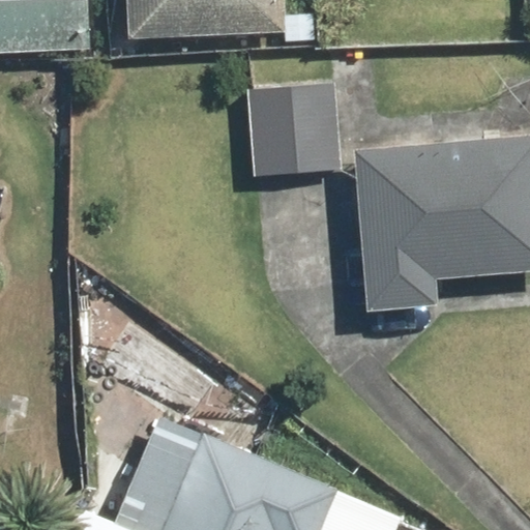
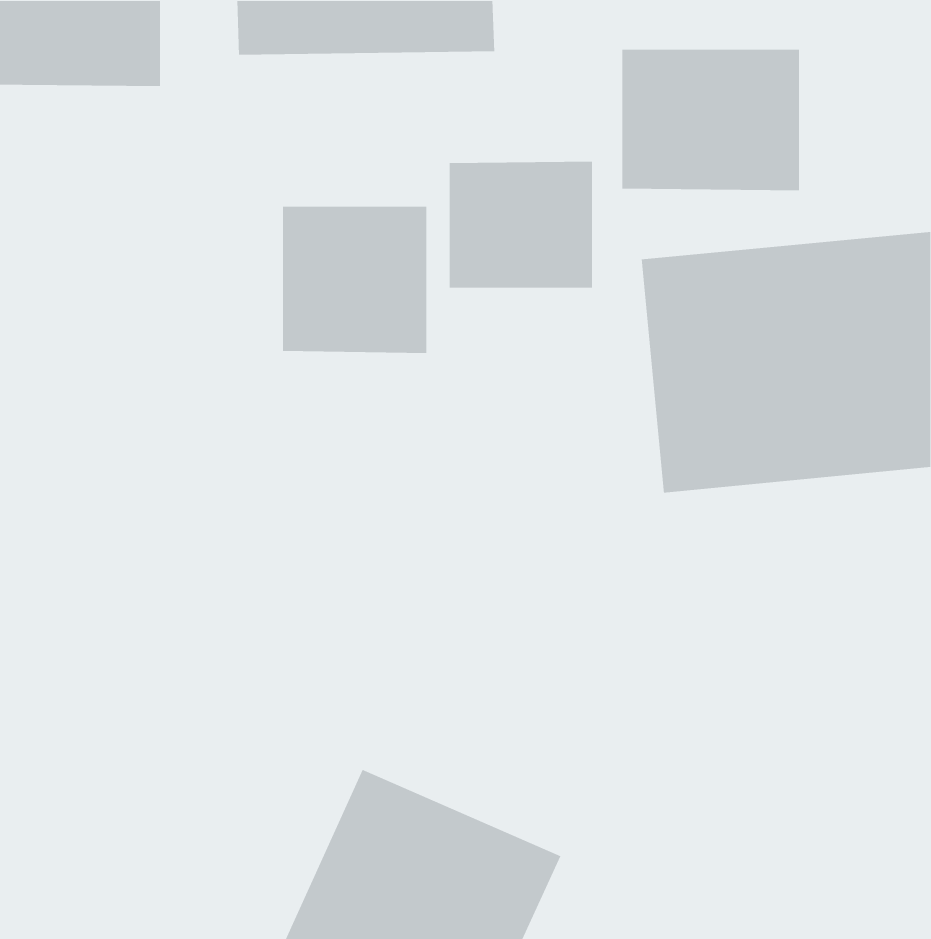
building: none -> [622,49,800,191]
building: none -> [282,206,427,354]

